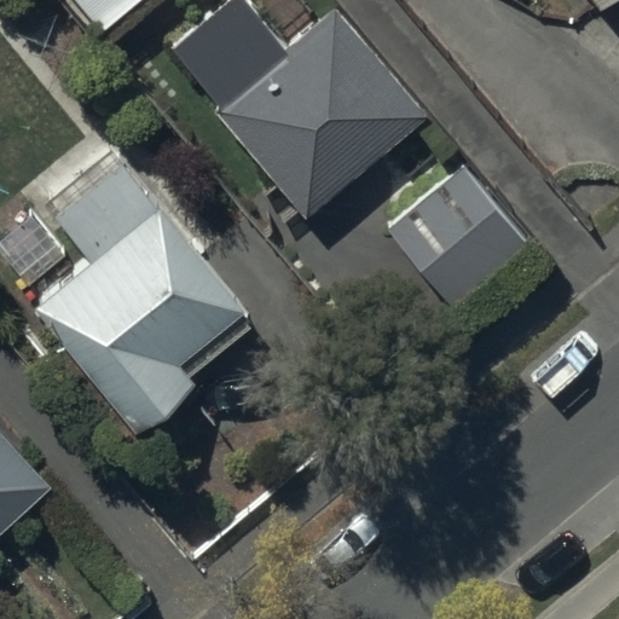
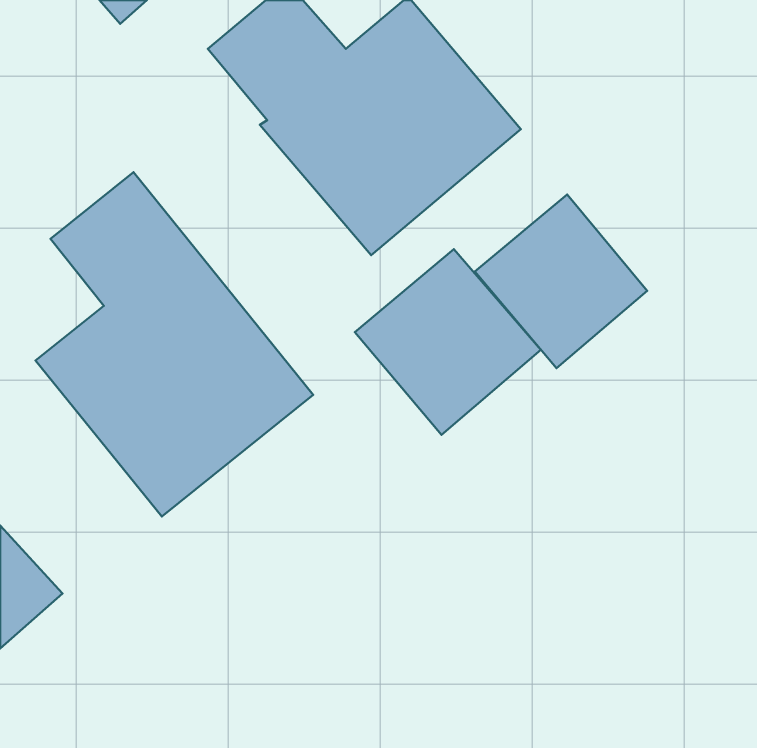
building: none -> [355,249,541,435]

